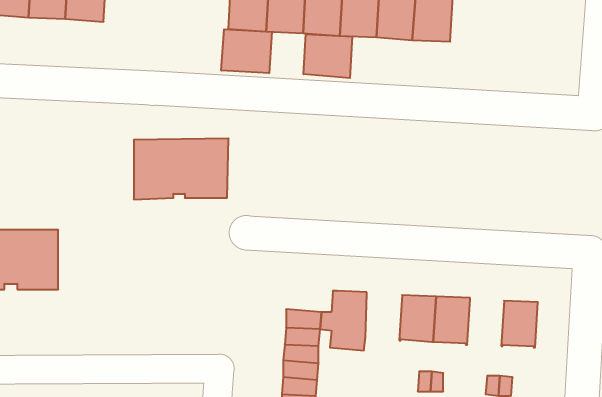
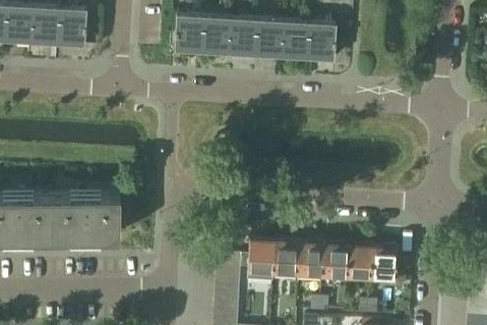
building: [221,29,272,73] -> none
building: [304,34,352,78] -> none
building: [134,138,229,199] -> [52,195,120,238]
building: none -> [272,240,299,275]
building: none -> [346,245,372,279]

